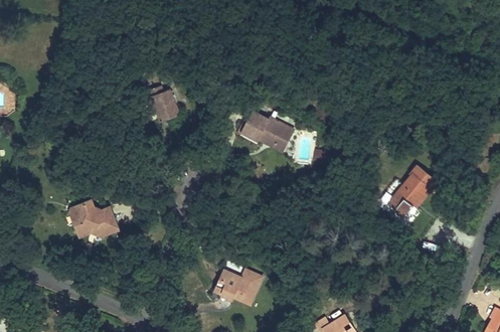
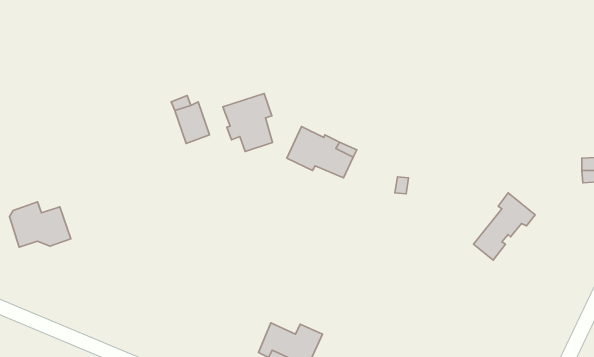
building: none -> [223,93,272,151]
building: [66,200,117,237] -> [9,202,71,247]

